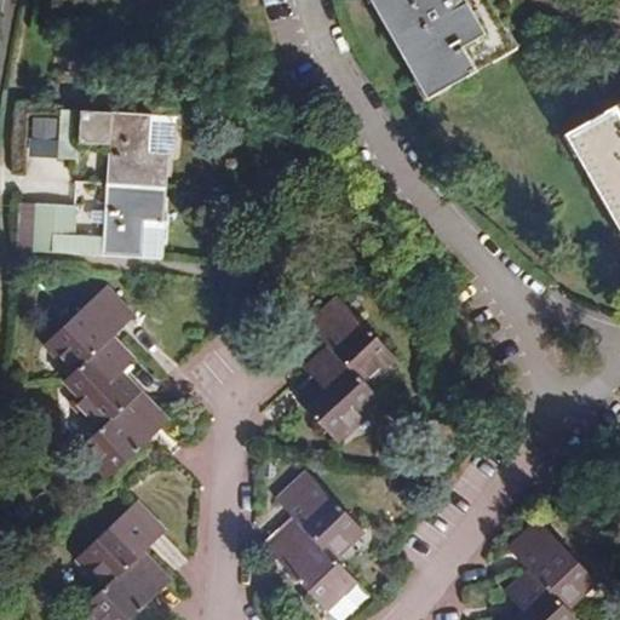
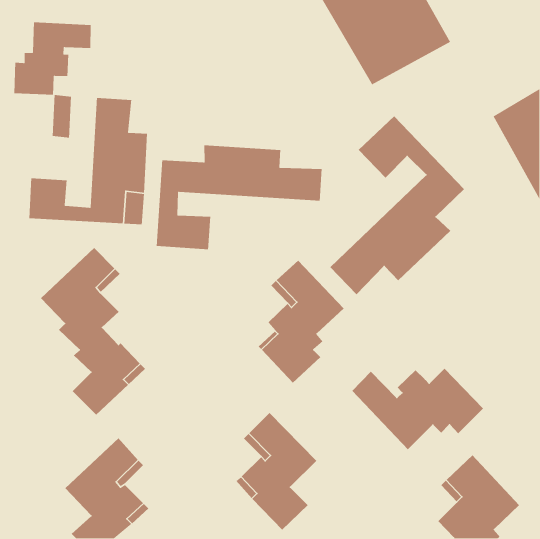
building: none -> [14,22,92,95]
building: none -> [330,115,465,295]
building: none -> [156,144,322,250]
building: none -> [351,368,484,450]

